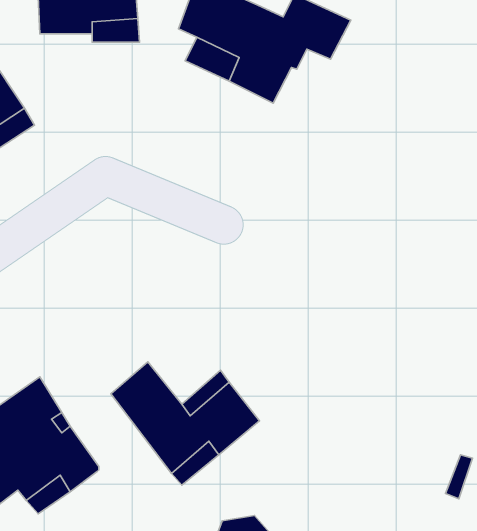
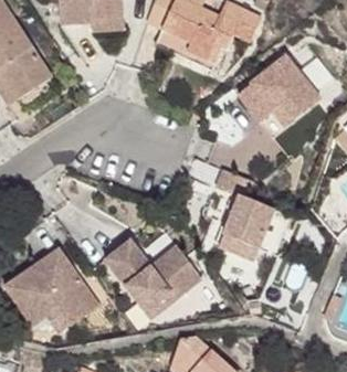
building: none -> [239,55,322,131]
building: none -> [215,166,275,261]

